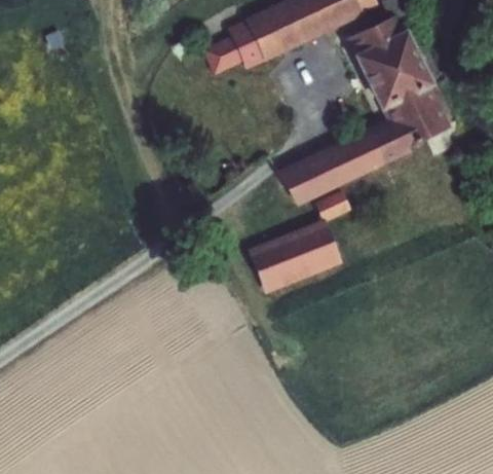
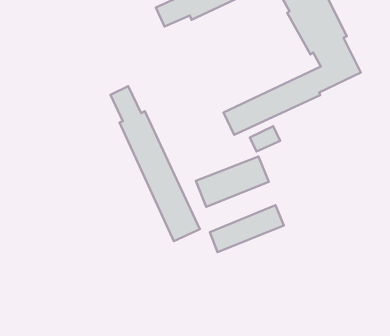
building: none -> [110,86,200,241]
building: none -> [210,205,284,252]

